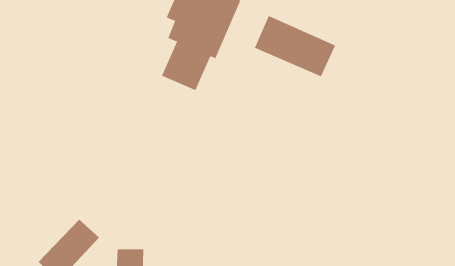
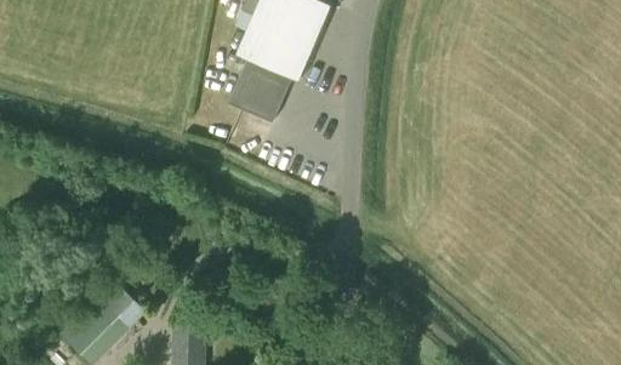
building: [254,15,336,77] -> none

